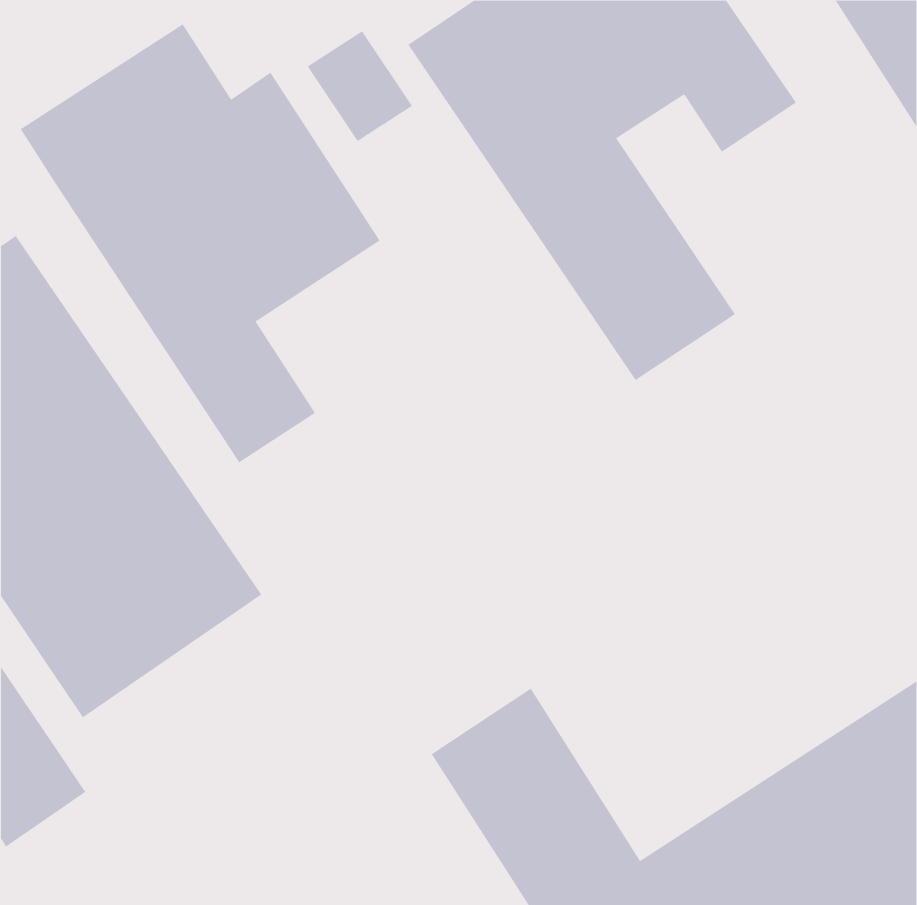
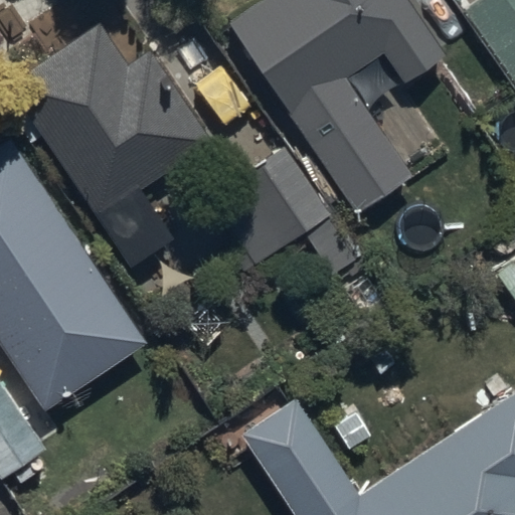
building: none -> [209,154,362,285]

